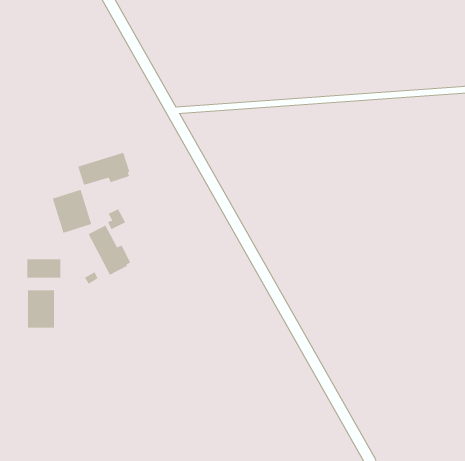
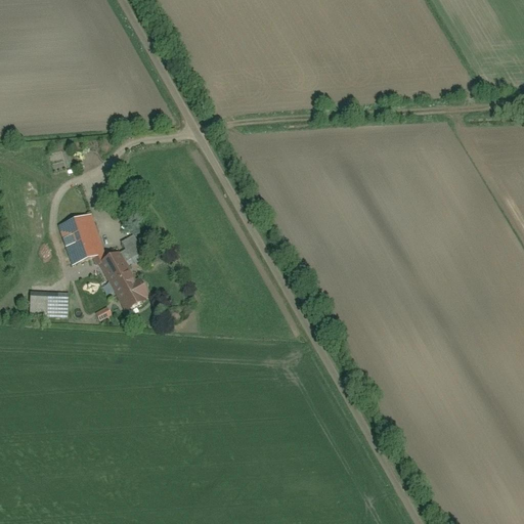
building: [77,152,130,186] -> none
building: [27,290,55,328] -> none

